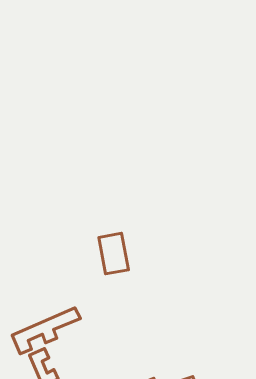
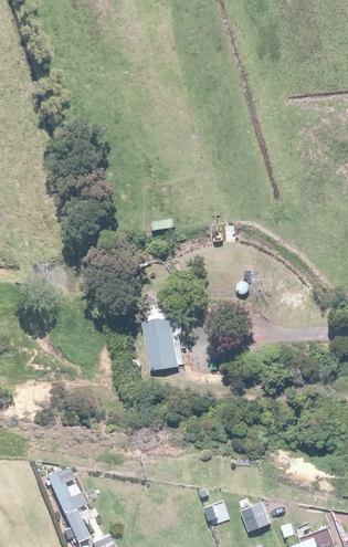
building: [12,308,80,354] -> none

